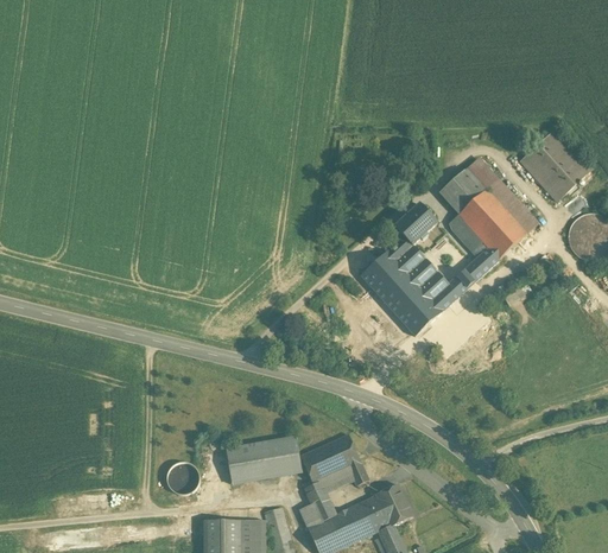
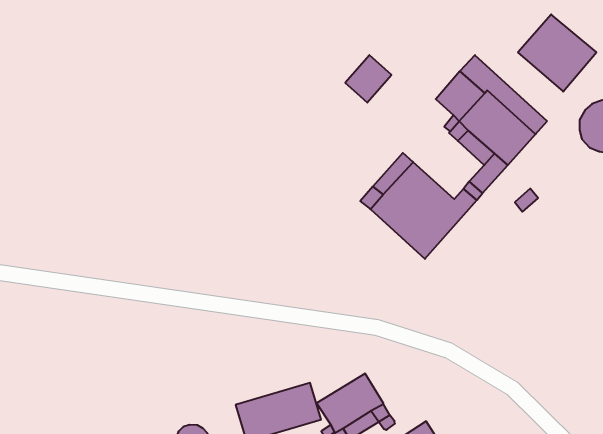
building: [395,204,438,247] -> [345,55,391,103]

